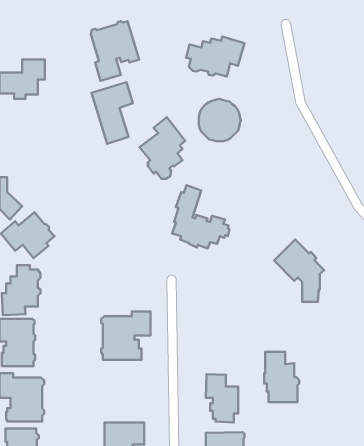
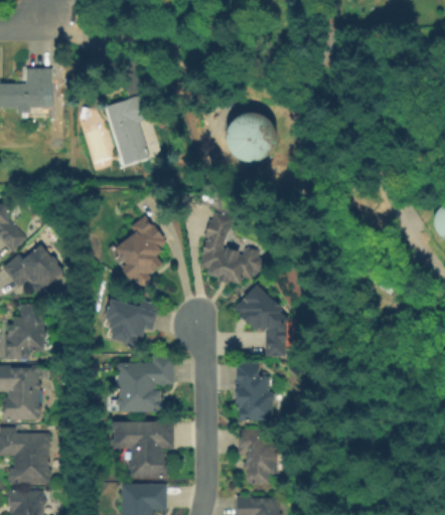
building: [91,21,139,81] -> none
building: [186,37,245,76] -> none
building: [140,117,185,179] -> [114,215,166,286]
building: [274,240,324,302] -> [233,285,290,356]
building: none -> [102,298,159,349]
building: [264,352,299,402] -> [235,363,275,420]
building: none -> [111,421,173,477]

